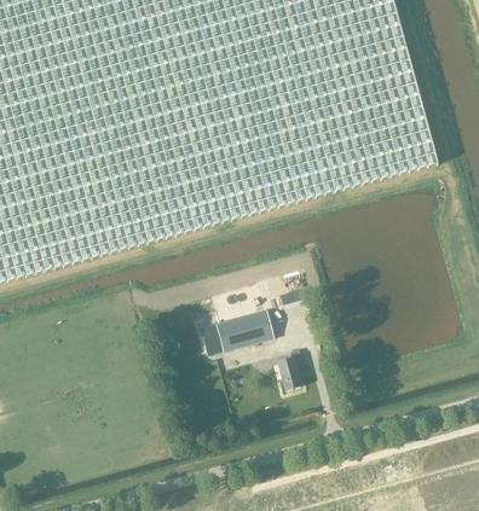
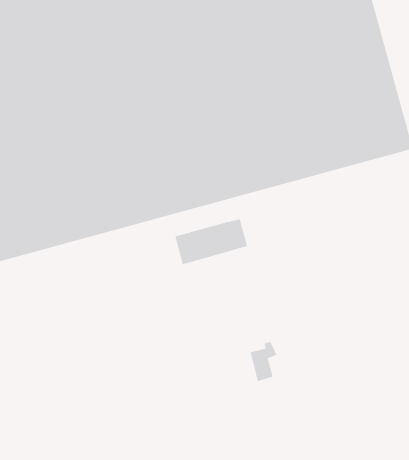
building: [202,310,273,355] -> [175,219,248,265]

